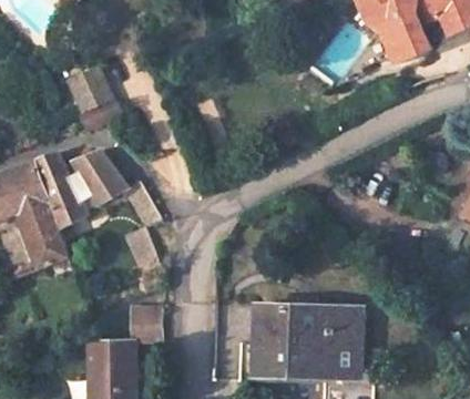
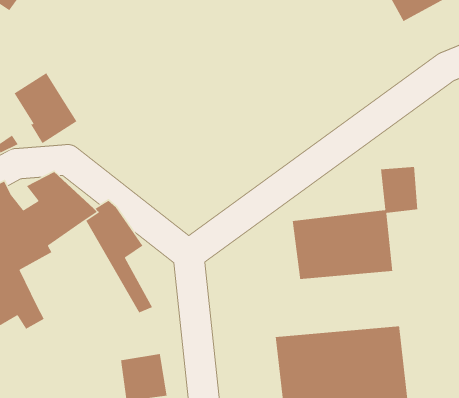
building: none -> [292,166,418,280]

